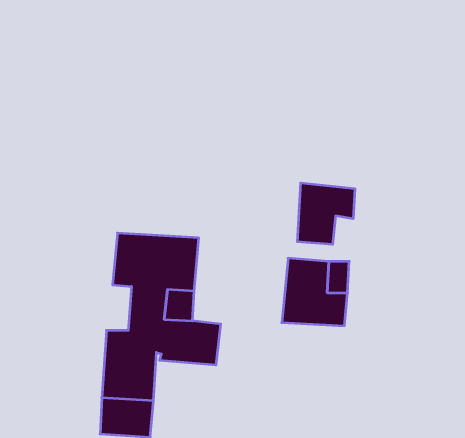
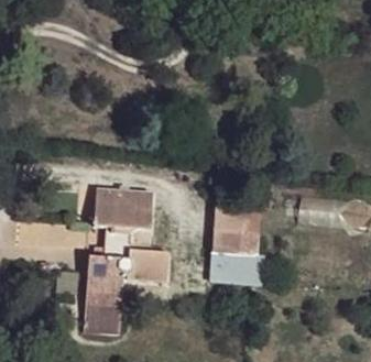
building: [297,183,355,244] -> none
building: none -> [210,250,257,283]

